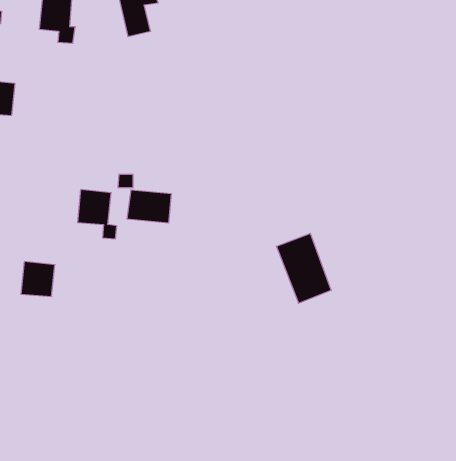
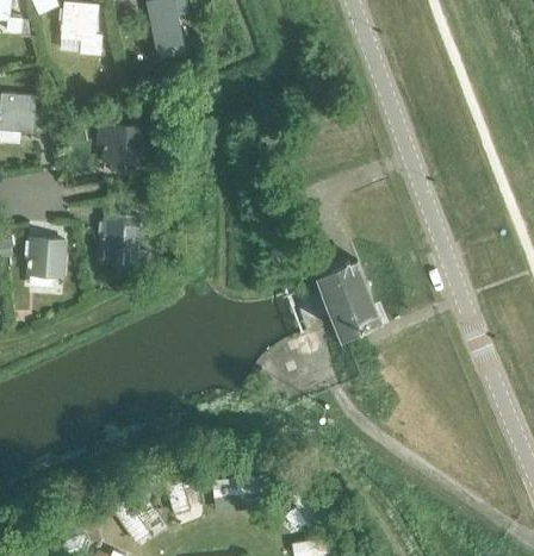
building: none -> [95,124,143,175]
building: [127,190,171,223] -> none
building: [21,262,55,296] -> [27,239,64,277]

